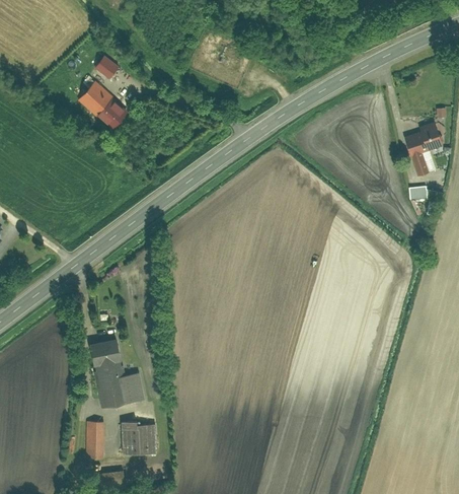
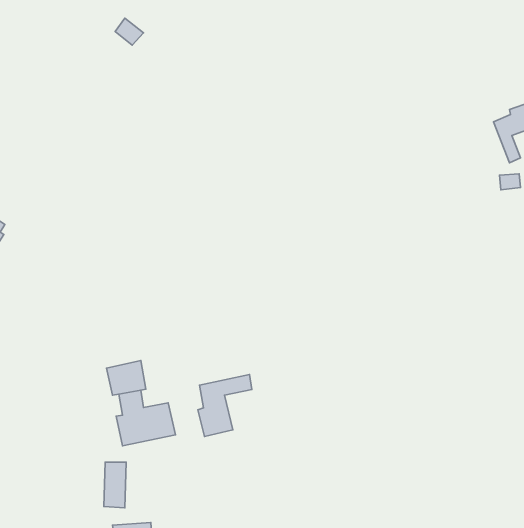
building: [78,81,127,130] -> none
building: none -> [198,375,252,437]
building: [122,422,158,454] -> none

